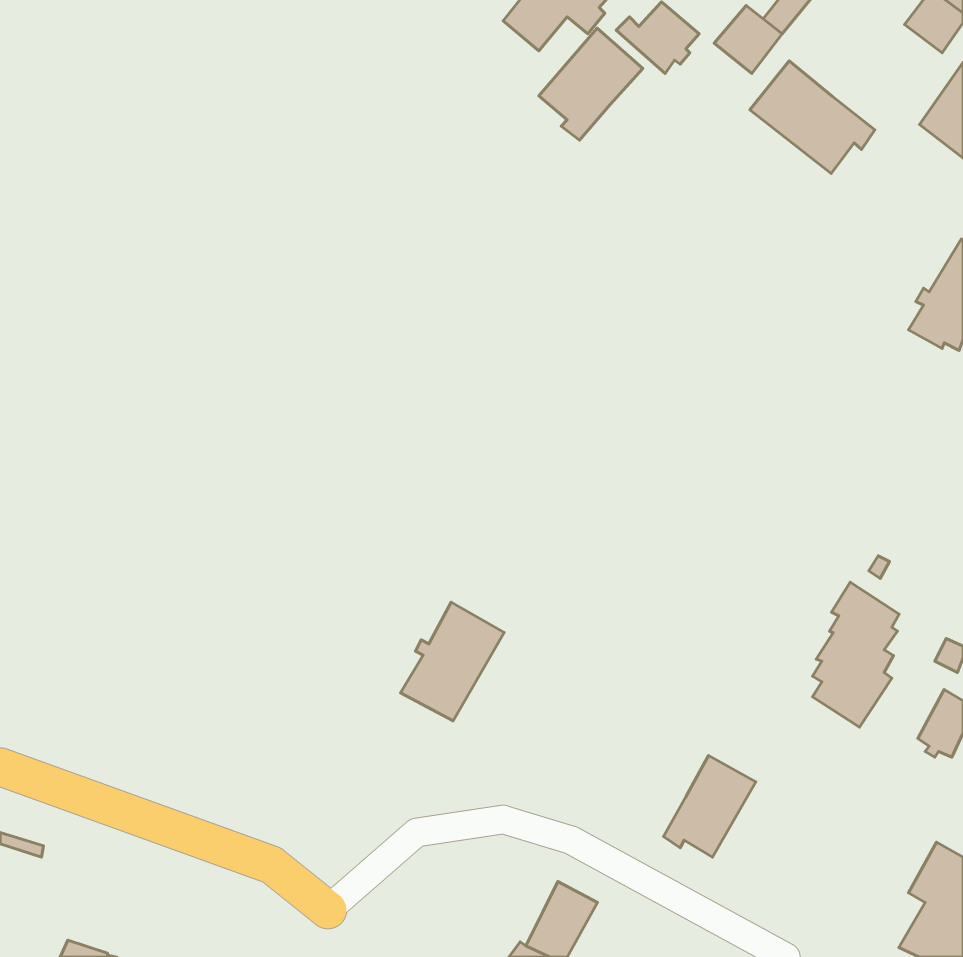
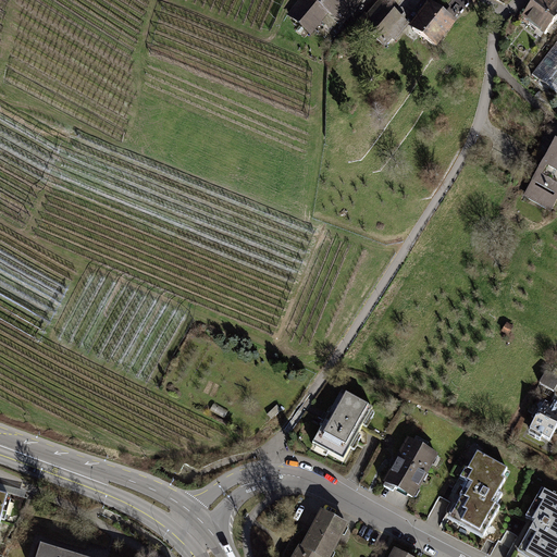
building: [539,28,643,140] -> none
building: [750,61,875,173] -> none
building: [813,582,899,727] -> [456,449,506,533]
building: [400,602,504,721] -> [312,389,372,458]

